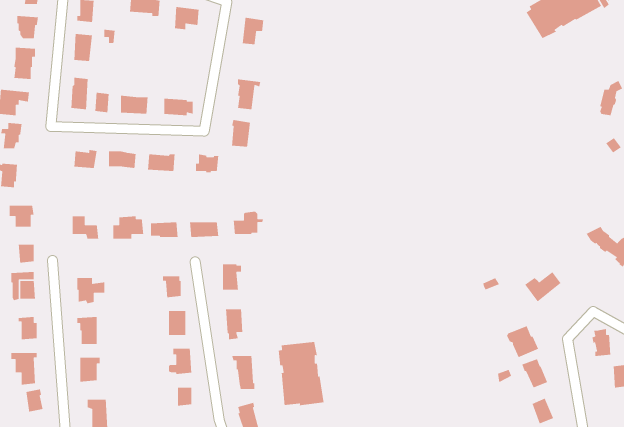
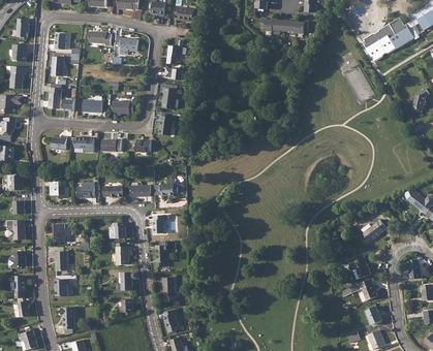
building: [278,341,324,406] -> none

